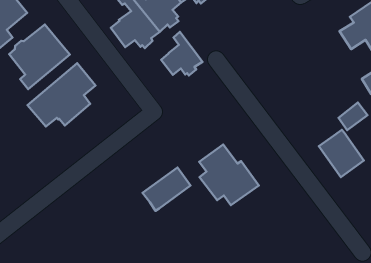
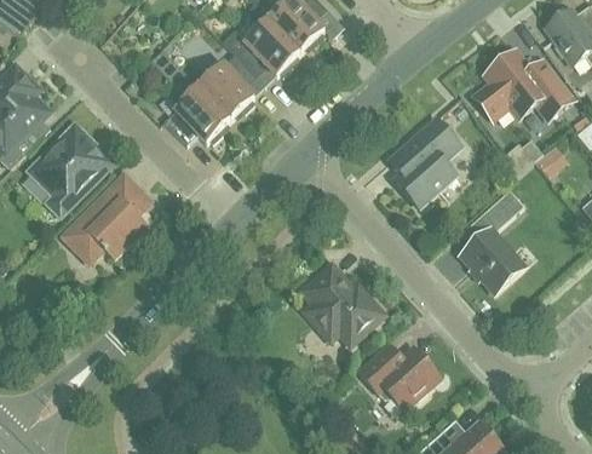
building: [161,32,202,76] -> none
building: none -> [396,117,461,206]
building: [143,168,190,211] -> none
building: none -> [360,346,439,408]

